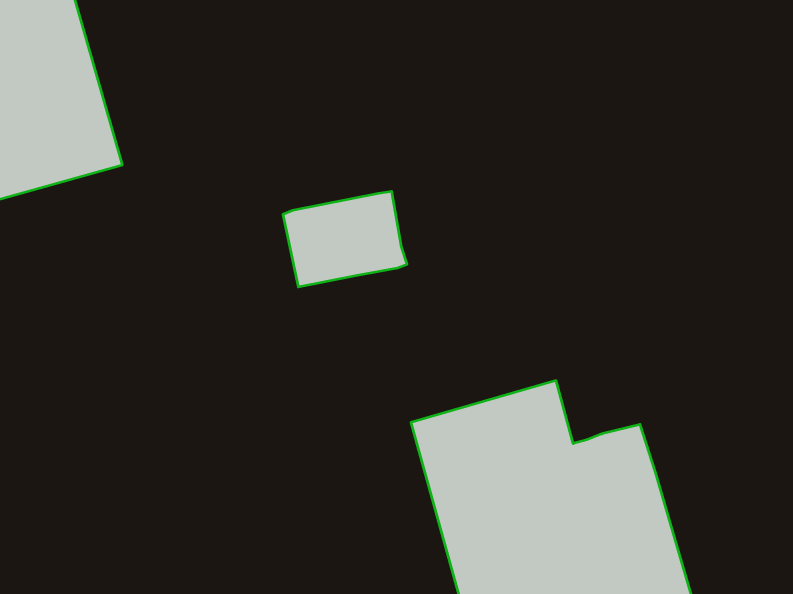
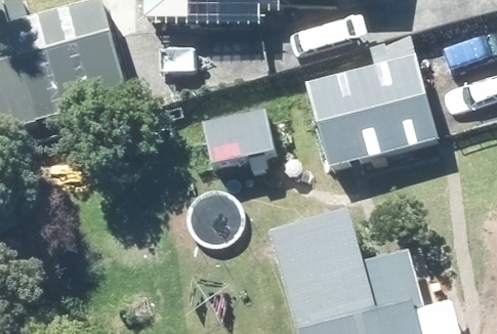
building: none -> [306,34,434,167]

